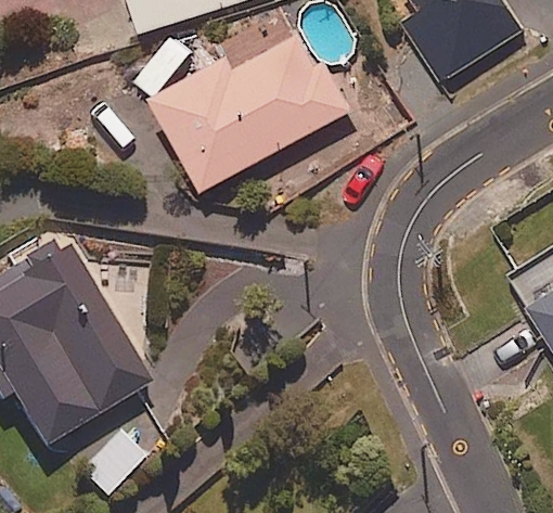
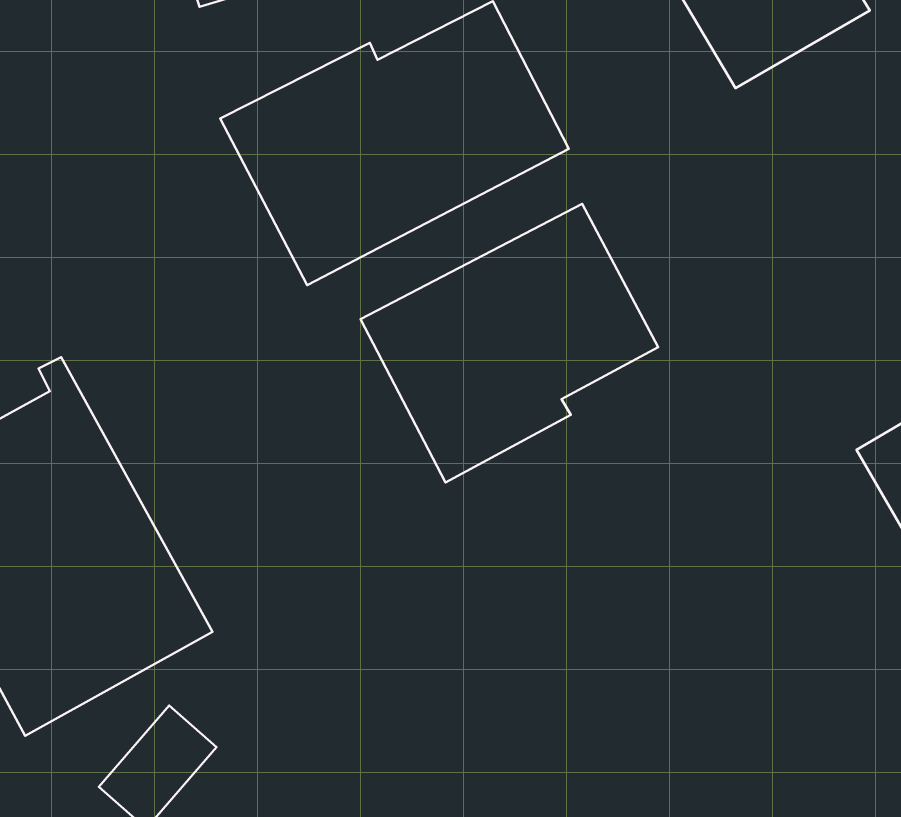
building: none -> [361,204,658,482]

